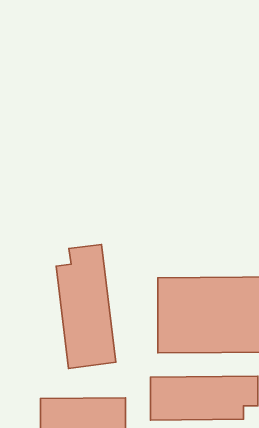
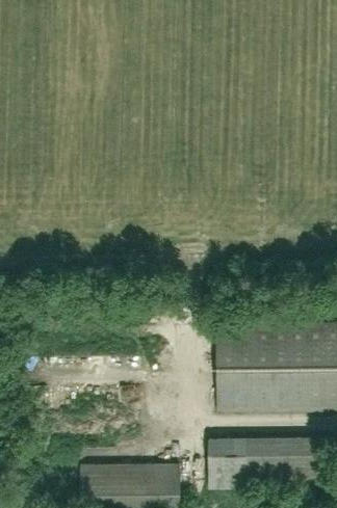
building: [56,244,116,368] -> none

